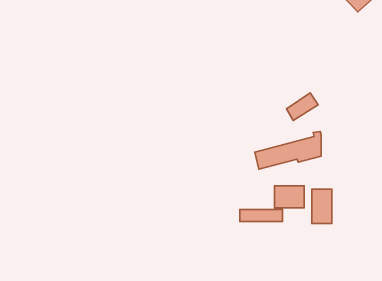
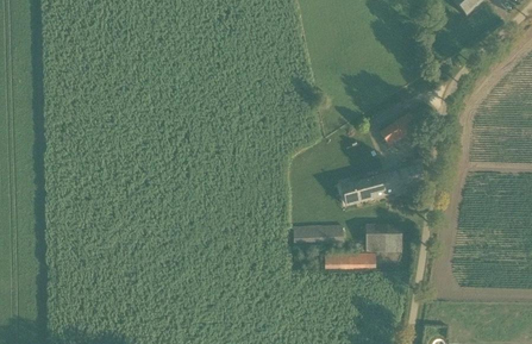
building: none -> [293,224,343,245]
building: [312,189,332,223] -> none

